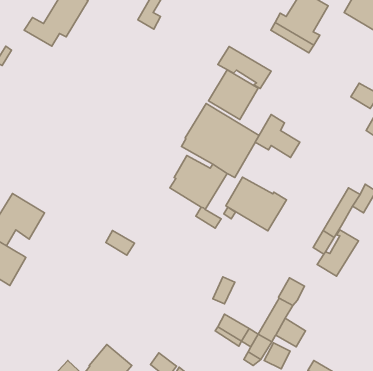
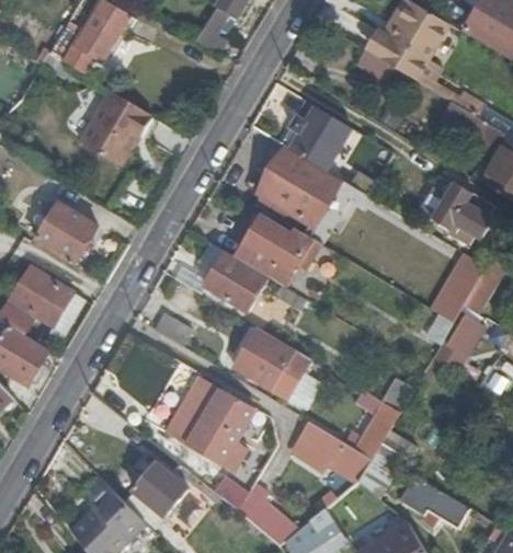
building: [218,46,271,88] -> none
building: none -> [77,87,151,164]
building: [255,114,300,157] -> [431,182,489,238]
building: none -> [35,200,98,262]
building: [226,177,286,231] -> [231,330,310,400]
building: none -> [202,252,265,311]
building: none -> [167,377,253,470]

